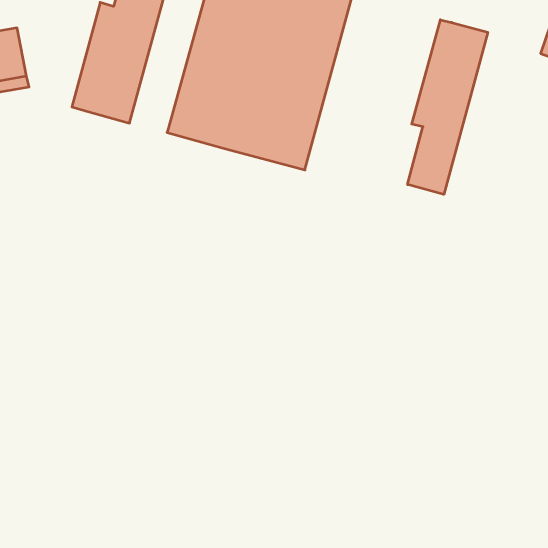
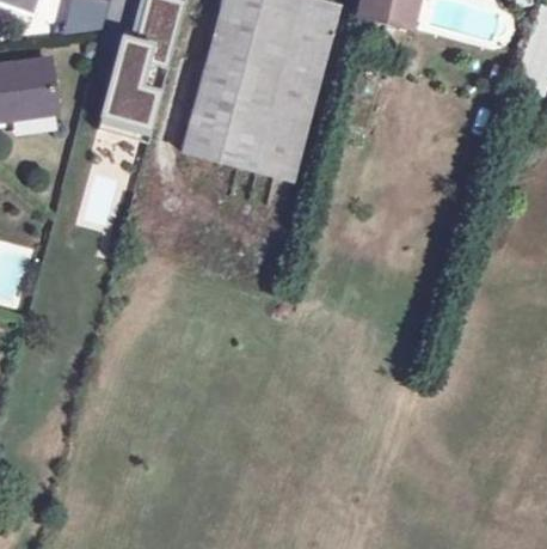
building: [408,20,488,194] -> none

